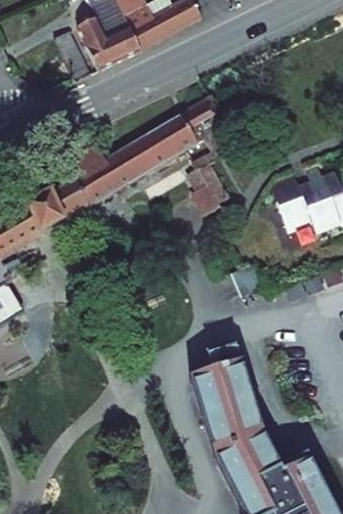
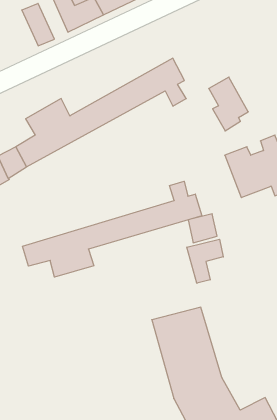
building: [186,164,228,221] -> [209,77,248,131]
building: none -> [22,181,202,277]
building: none -> [187,239,223,283]

